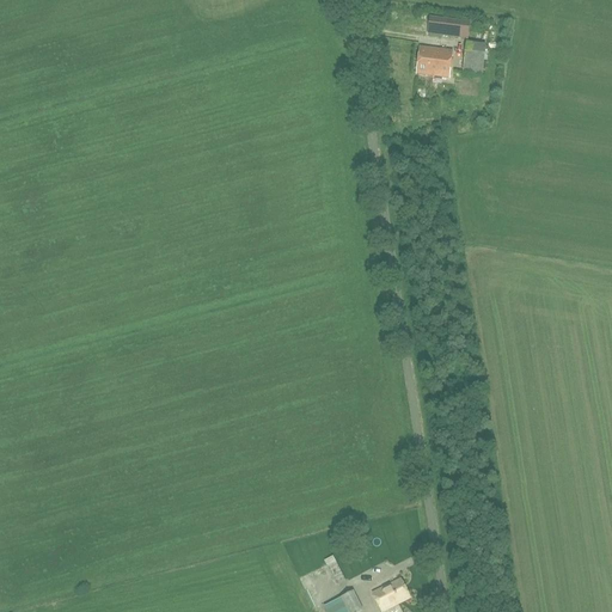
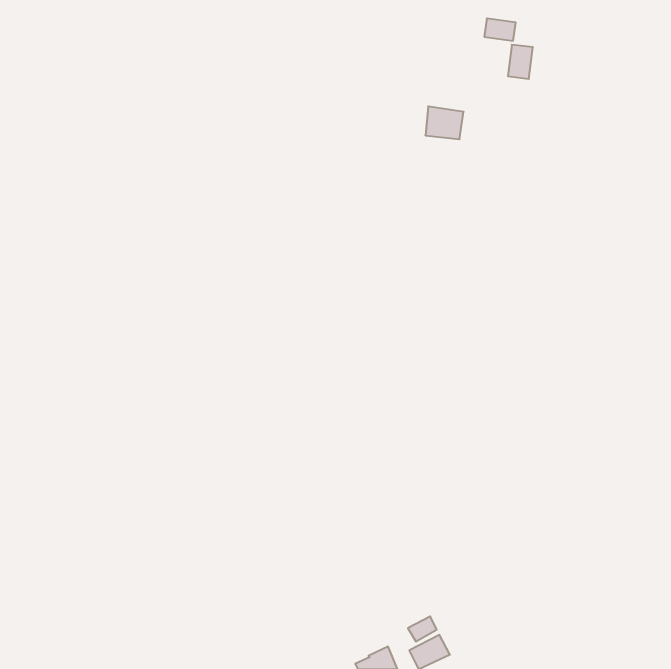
building: [416,45,451,75] -> [425,106,464,139]

